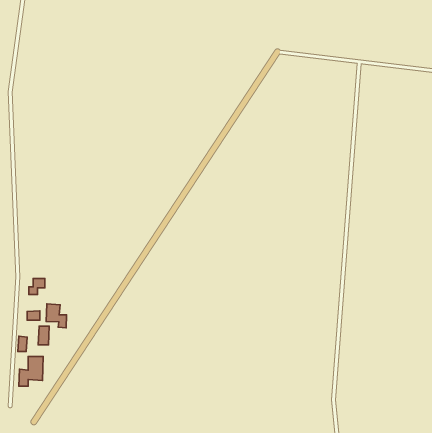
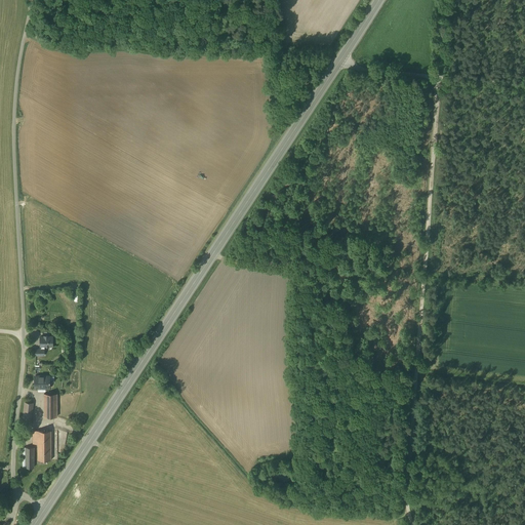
building: [46,304,67,328] -> none

